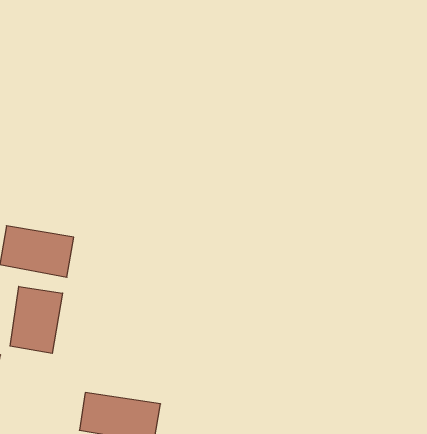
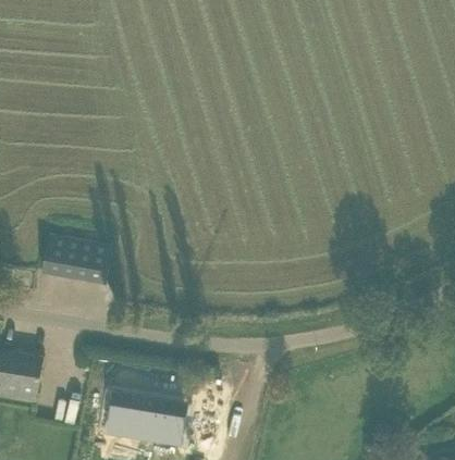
building: [10,286,63,353] -> none

